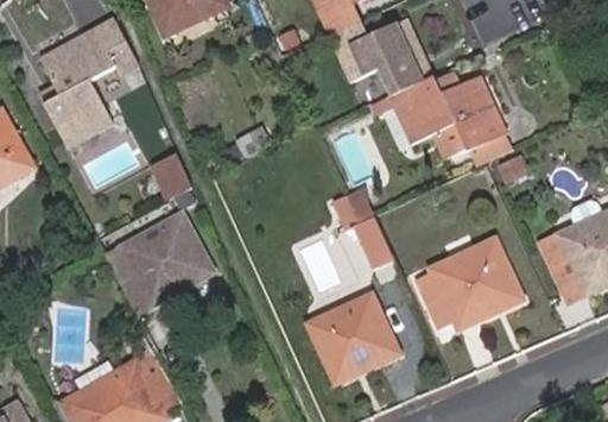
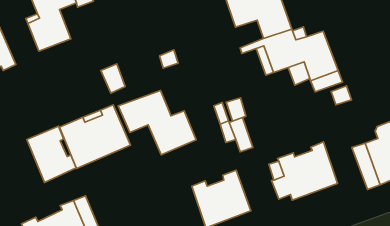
building: none -> [118,90,196,155]
building: none -> [27,126,76,182]

